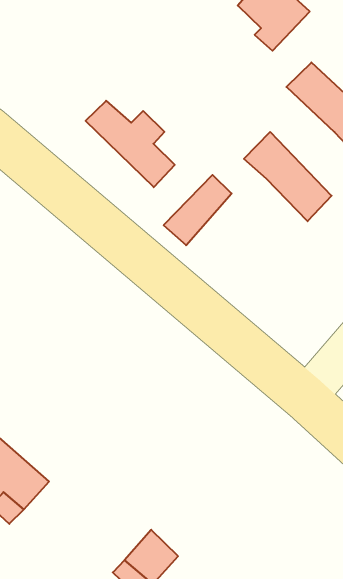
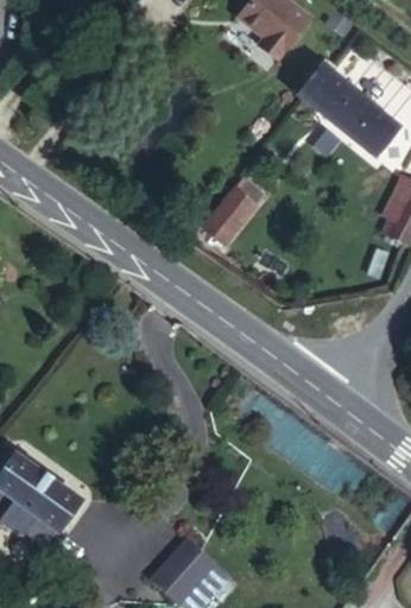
building: [86,101,175,187] -> none
building: [244,132,332,221] -> none

